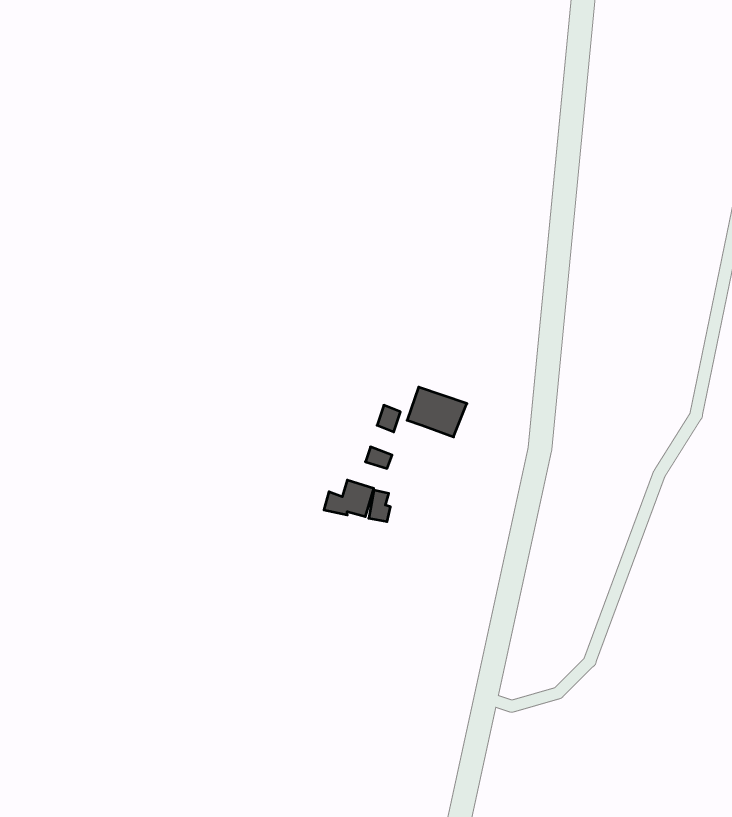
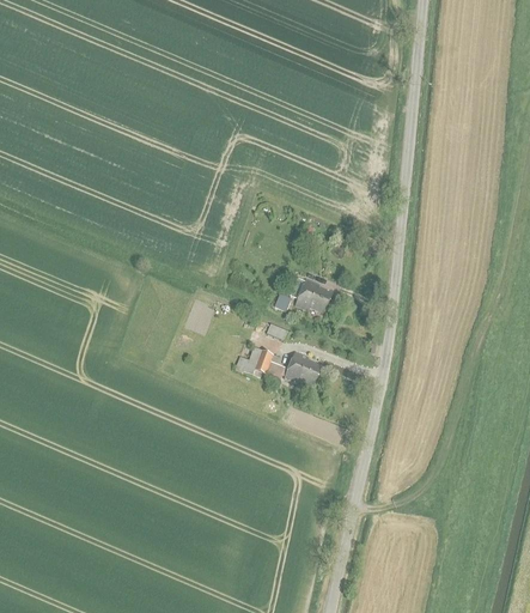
building: none -> [284,354,319,387]

